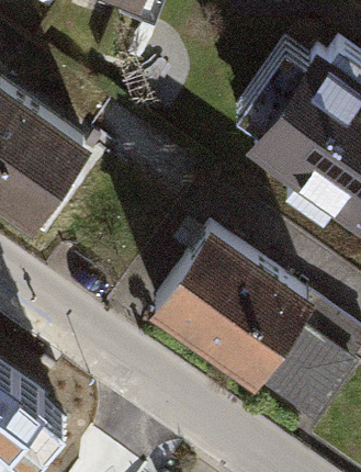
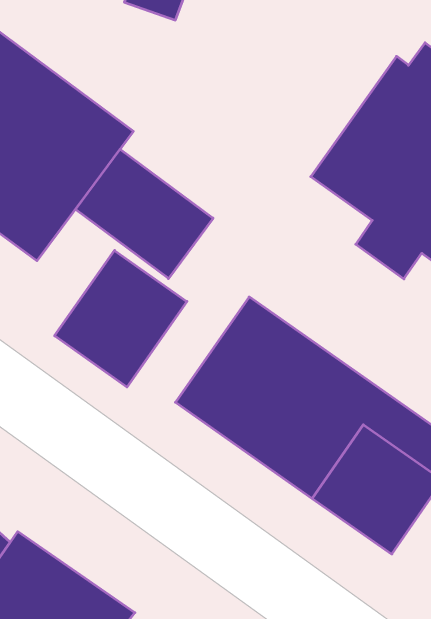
building: none -> [76,149,213,279]
building: none -> [55,250,187,387]

